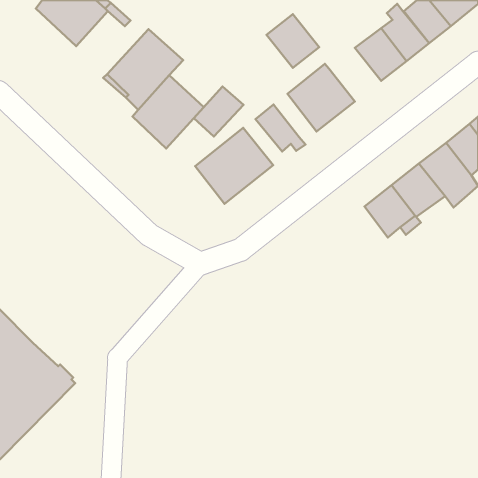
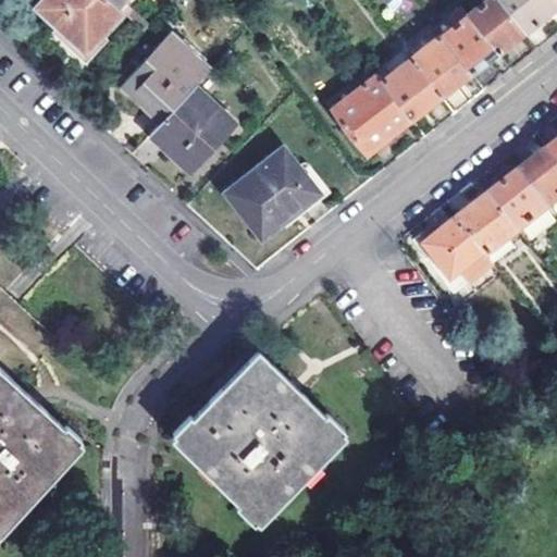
building: [267,14,319,68] -> [381,58,442,120]
building: [194,86,243,136] -> none
building: [255,105,305,151] -> none
building: none -> [170,351,346,525]

